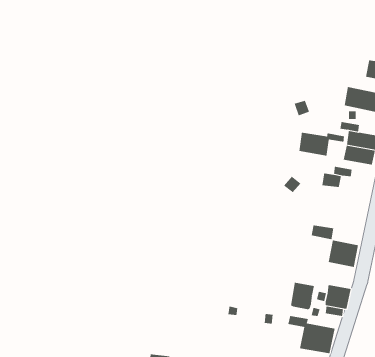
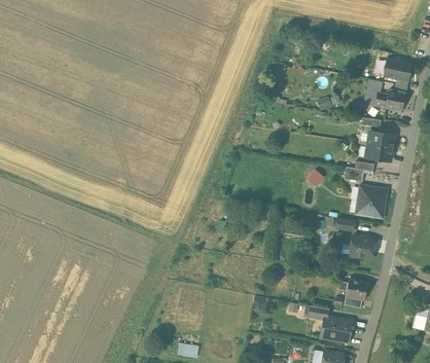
building: [299,132,344,157] -> none
building: none -> [353,184,387,221]
building: [291,282,315,310] -> none

